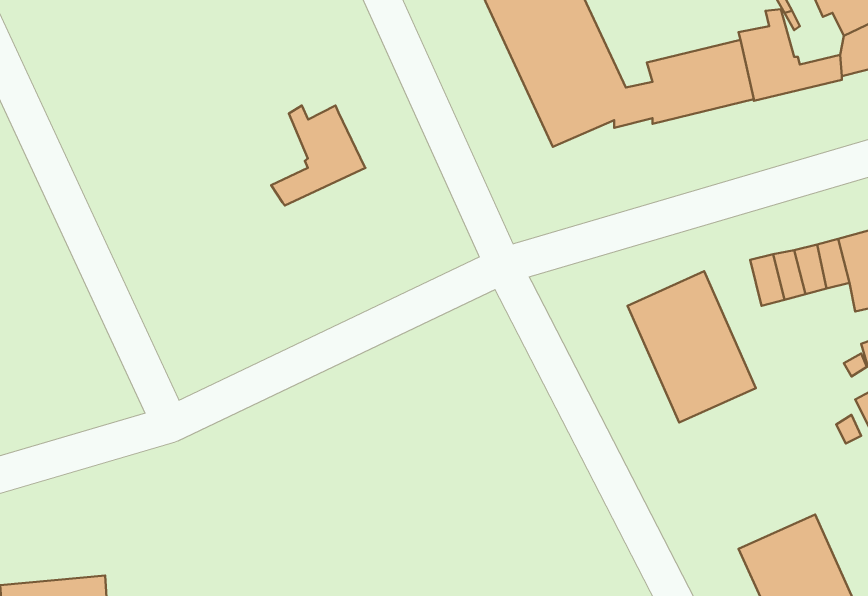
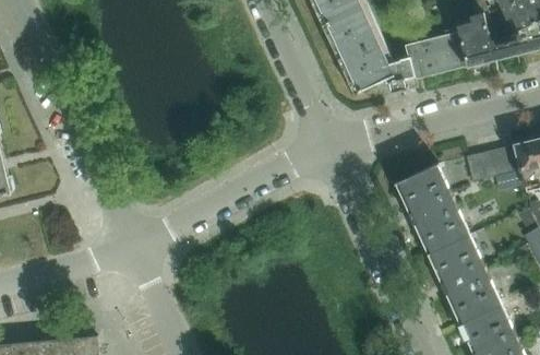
building: [271,105,366,205] -> none
building: none -> [423,229,501,321]

